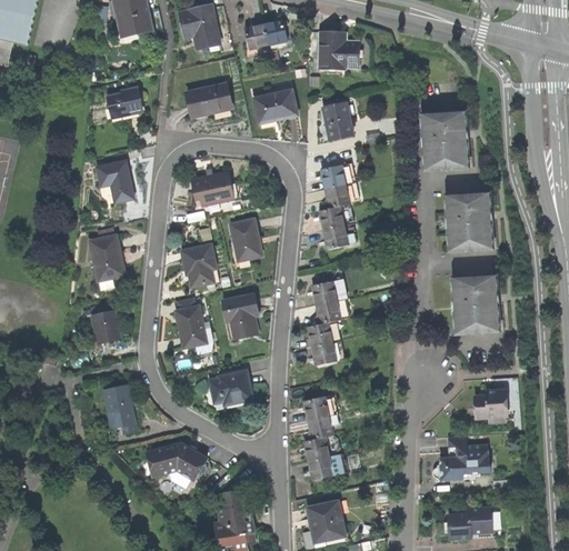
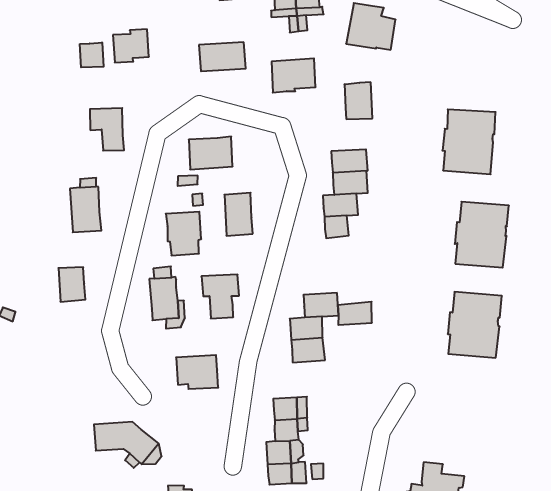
building: none -> [80,42,104,67]
building: [312,277,346,302] -> [338,302,372,325]
building: [103,384,137,432] -> none
building: [473,389,506,417] -> none

